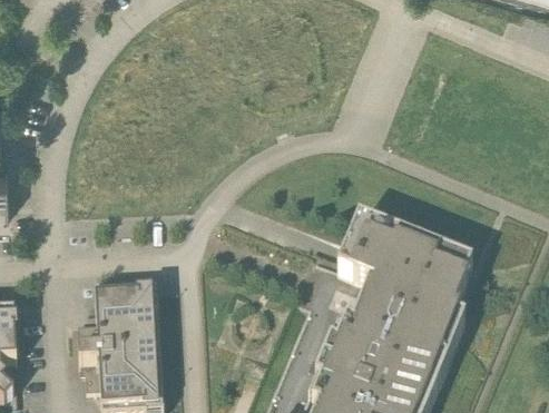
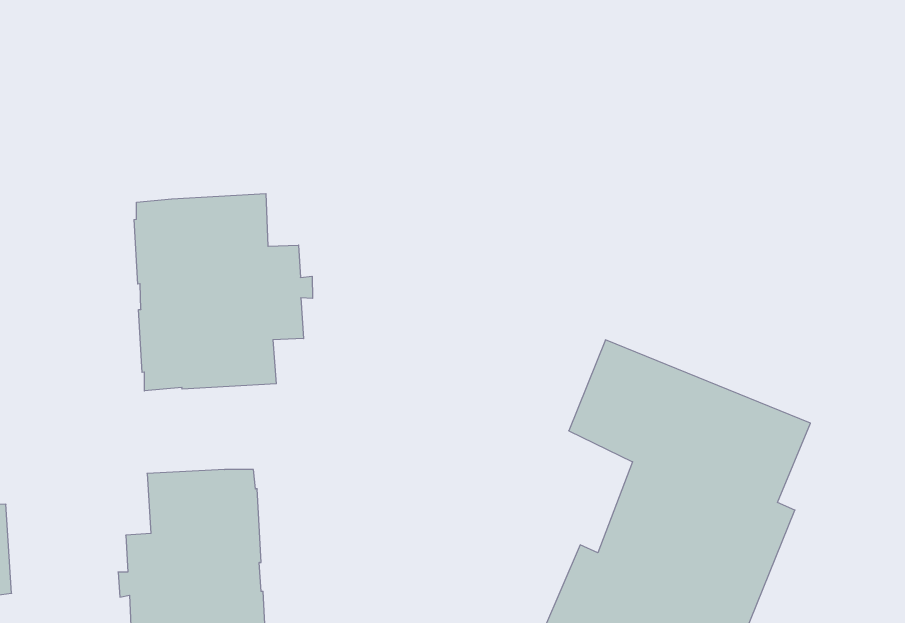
building: none -> [134,194,313,391]

